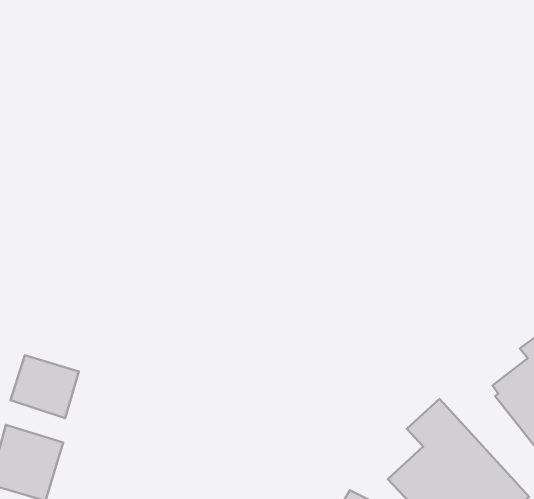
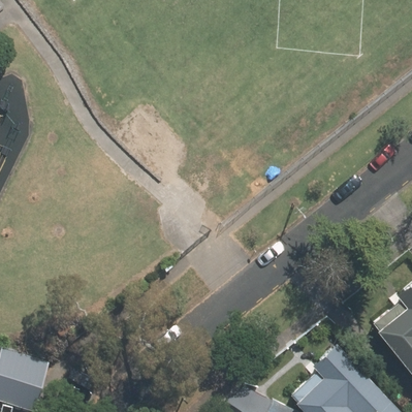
building: [11,355,79,418] -> none

